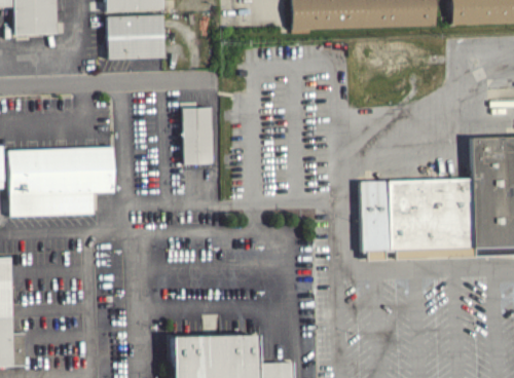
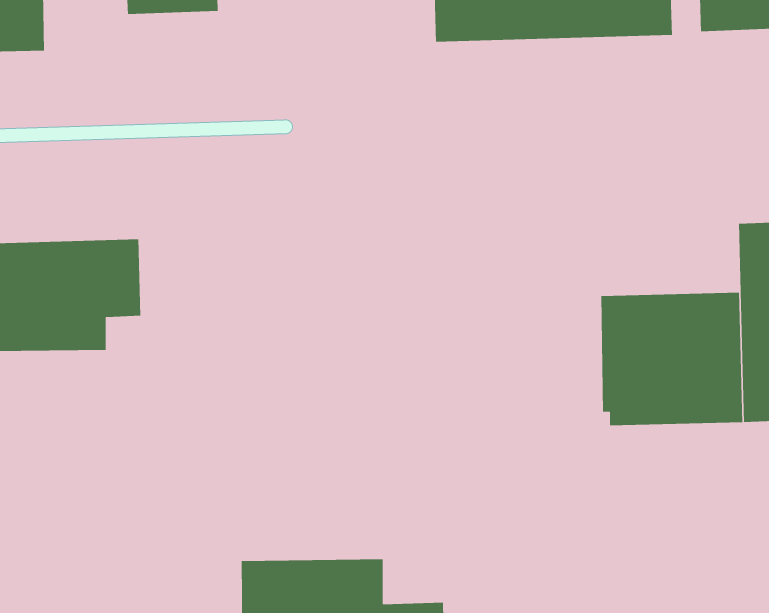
building: [107,14,164,59] -> none
building: [181,107,212,164] -> none
building: [361,180,391,259] -> none

